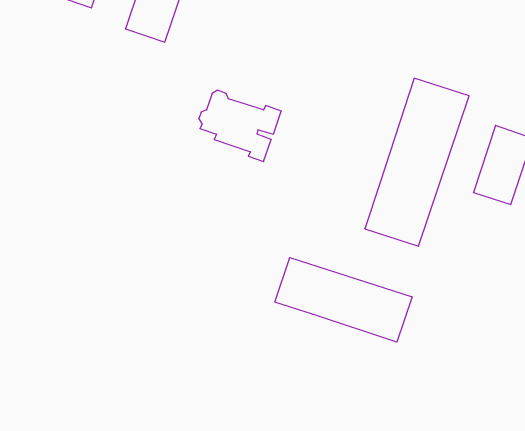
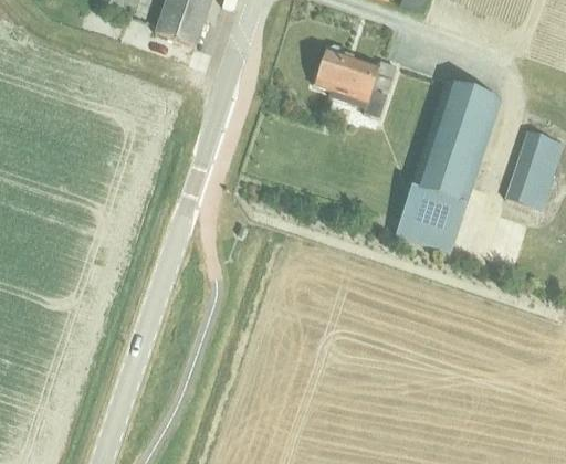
building: [199,90,281,162] -> [314,44,397,116]
building: [275,258,412,342] -> none

